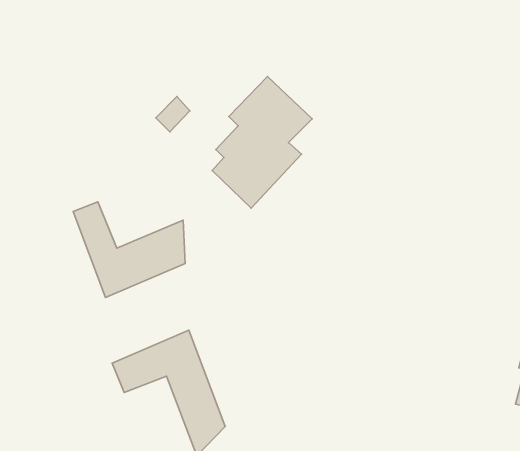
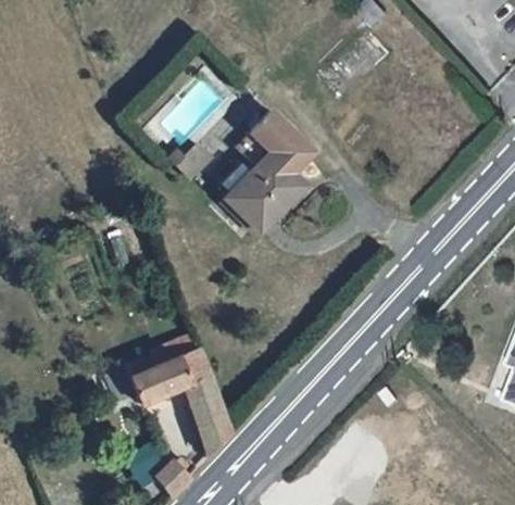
building: [73,202,185,298] -> none

